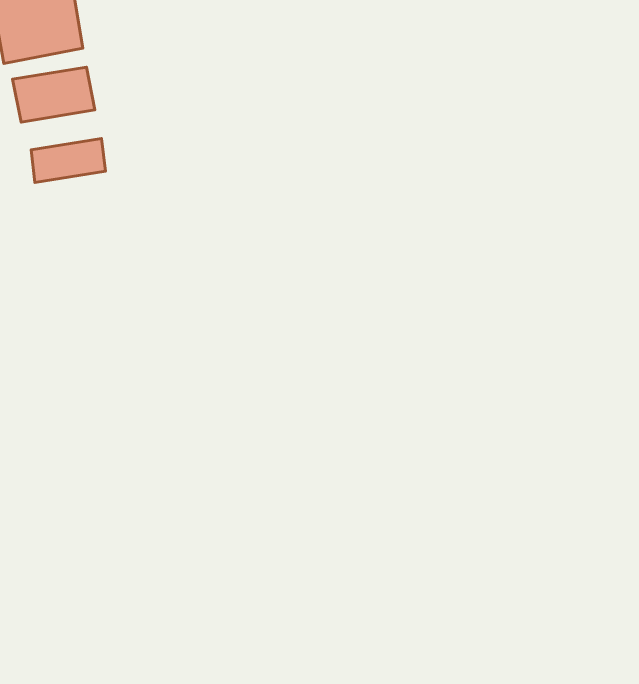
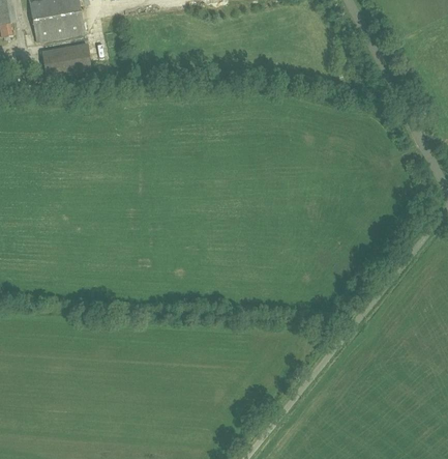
building: [31,138,105,183] -> none

